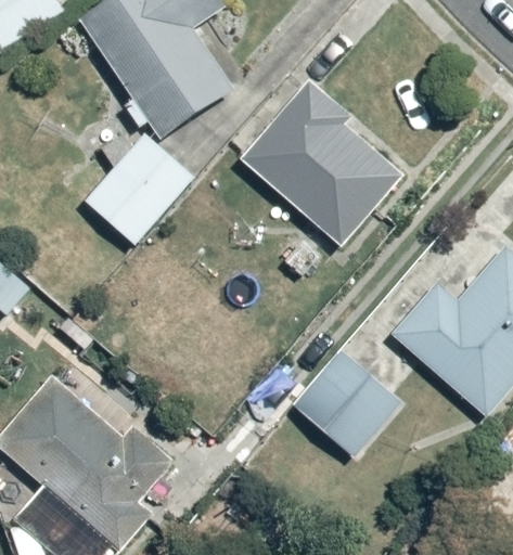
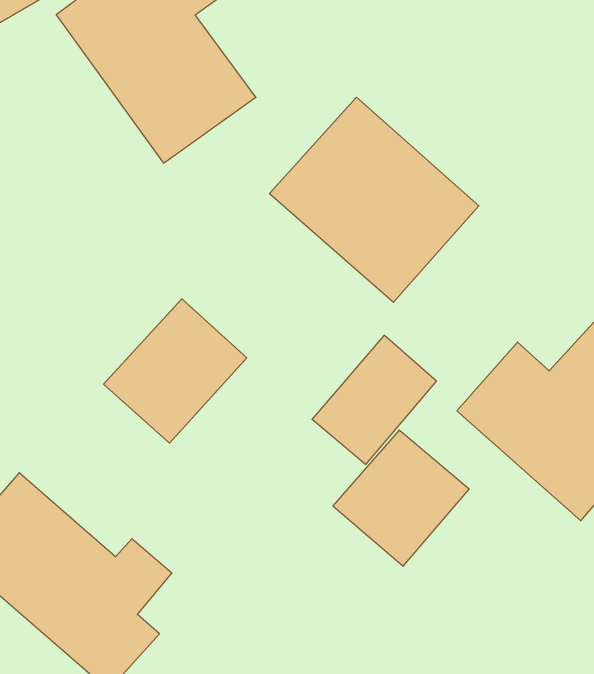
building: [66,130,179,244] -> [104,299,247,443]
building: none -> [312,335,436,465]

